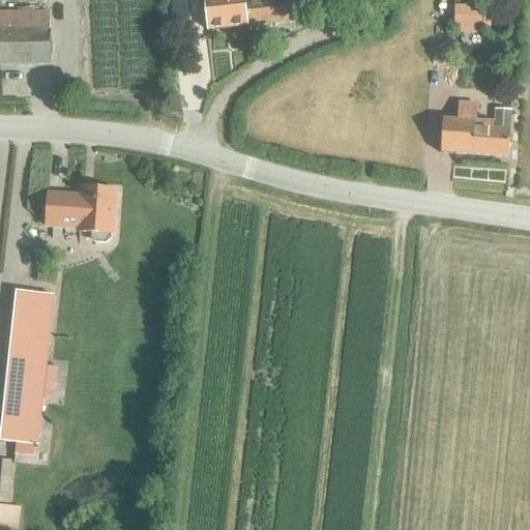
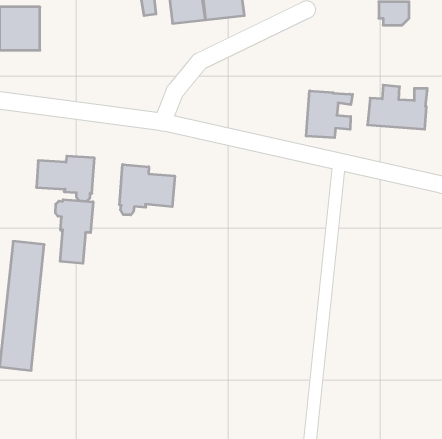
building: none -> [306,91,353,138]
building: none -> [120,164,175,215]
building: none -> [55,200,93,263]

